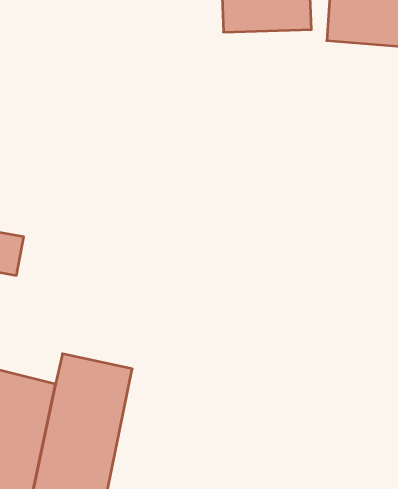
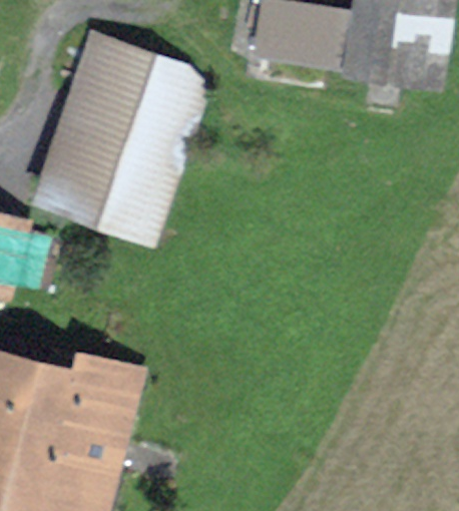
building: none -> [62,46,185,217]

